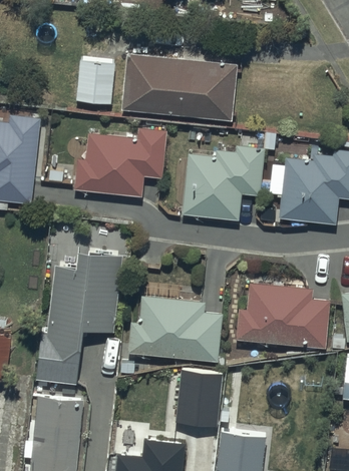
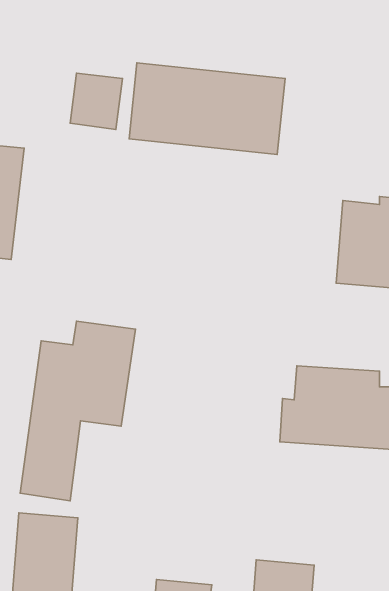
building: [73,128,166,197] -> none
building: [180,148,265,222] -> none
building: [128,297,222,360] -> none
building: [174,371,221,428] -> none

